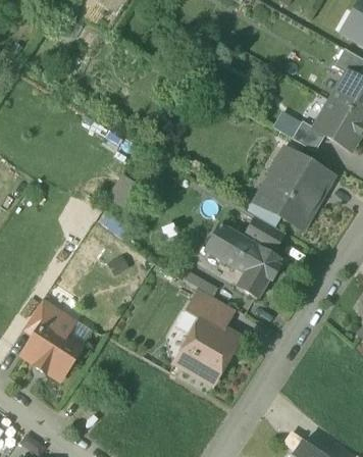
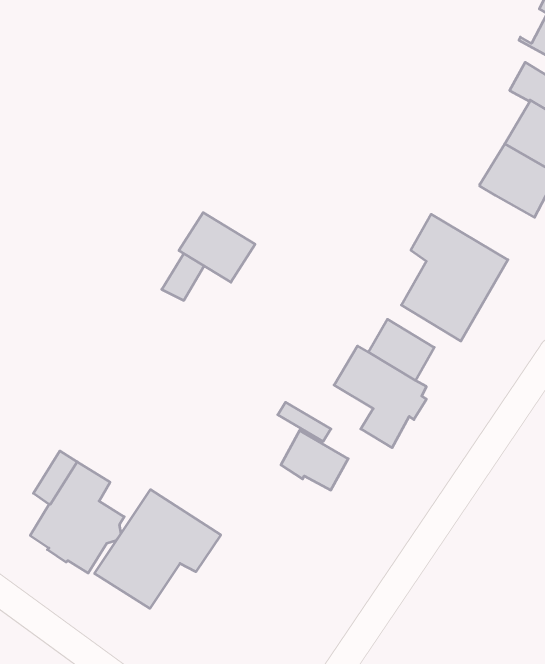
building: [293,120,325,151] -> none
building: none -> [179,213,255,282]
building: [205,223,236,258] -> none
building: [175,317,239,383] -> none
building: none -> [95,490,221,608]

